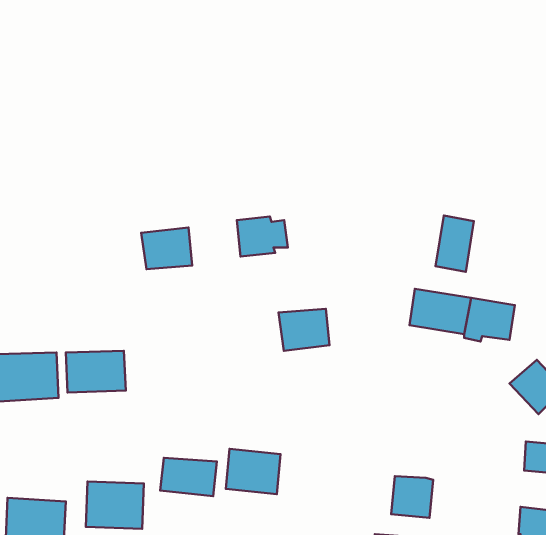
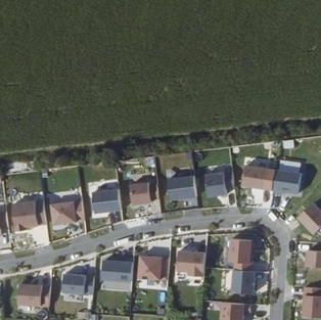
building: [436,216,474,272] -> none
building: [237,216,288,256] -> [130,182,158,204]
building: [141,227,192,269] -> [92,188,121,212]
building: none -> [204,172,234,196]
building: none -> [229,237,254,271]
building: none -> [173,249,202,274]

